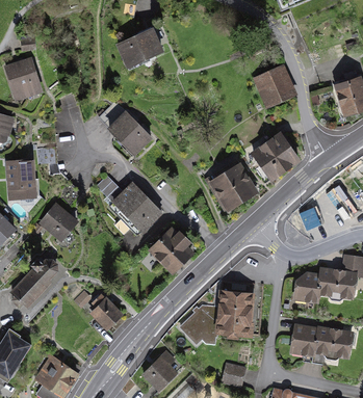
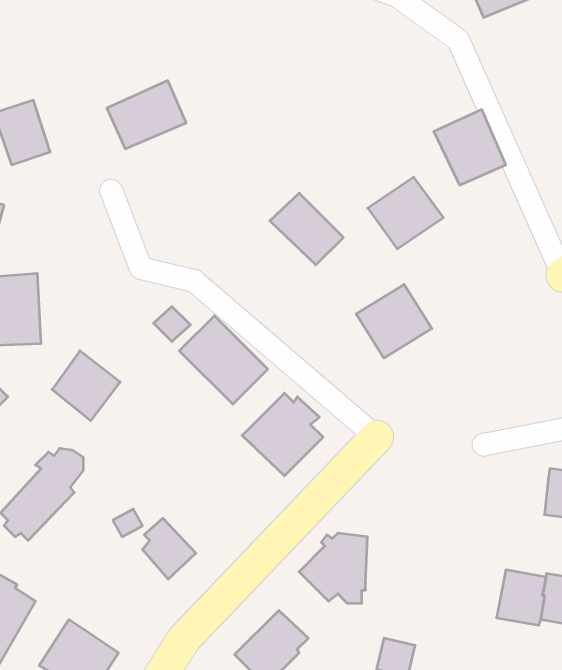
building: [118,28,162,67] -> [107,81,186,149]
building: [108,111,150,152] -> [270,193,343,265]
building: [254,135,296,176] -> [368,177,443,249]
building: [293,273,319,302] -> none
building: [216,289,254,337] -> none

